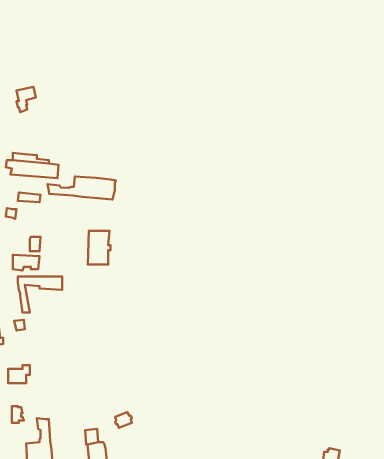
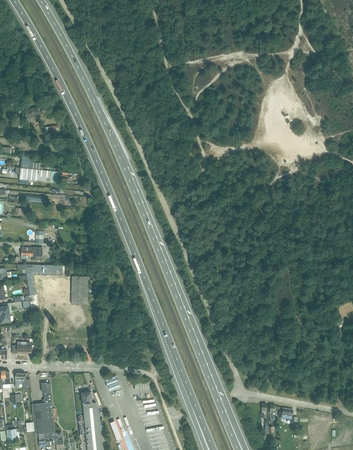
building: [47,176,116,200] -> none
building: [88,231,111,265] -> [70,276,89,304]

